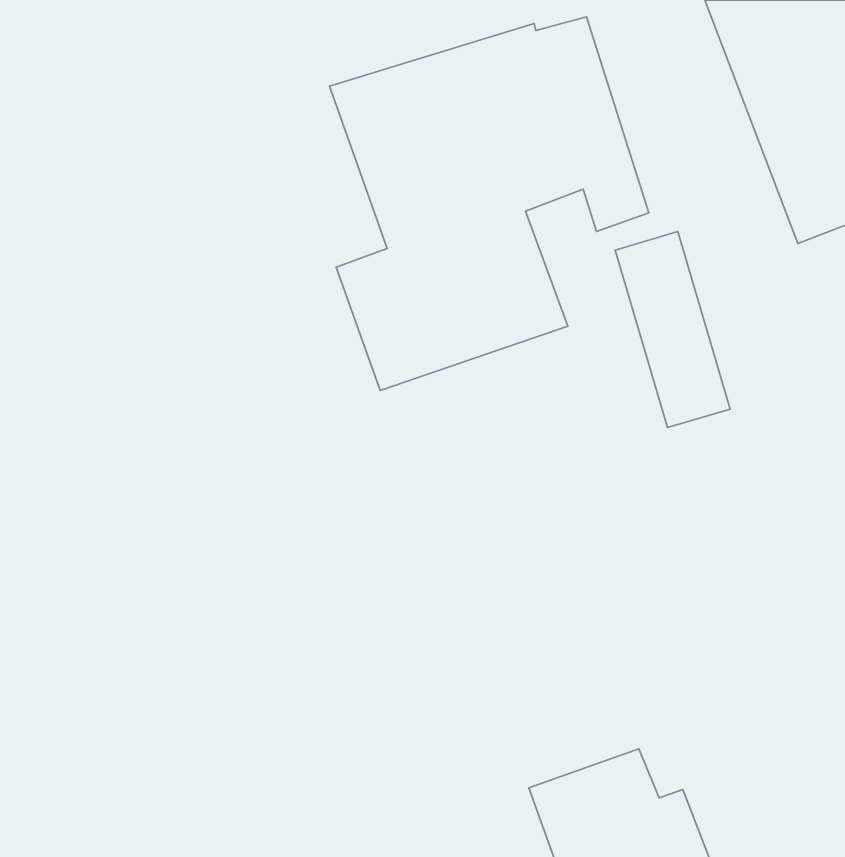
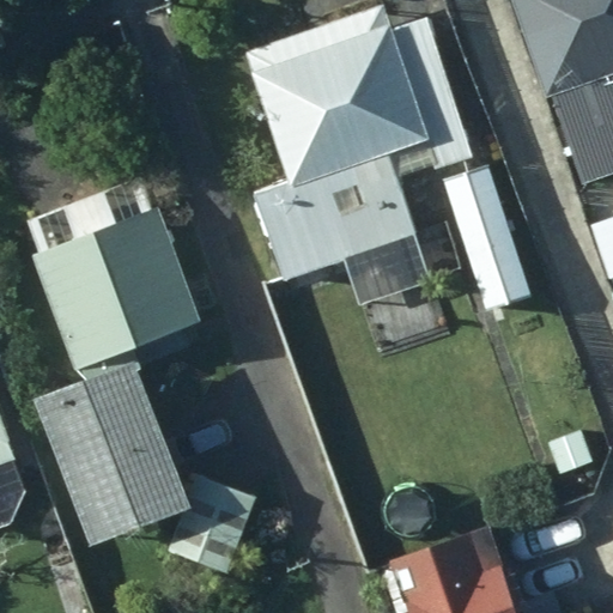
building: none -> [36,208,195,364]
building: none -> [37,363,168,536]

